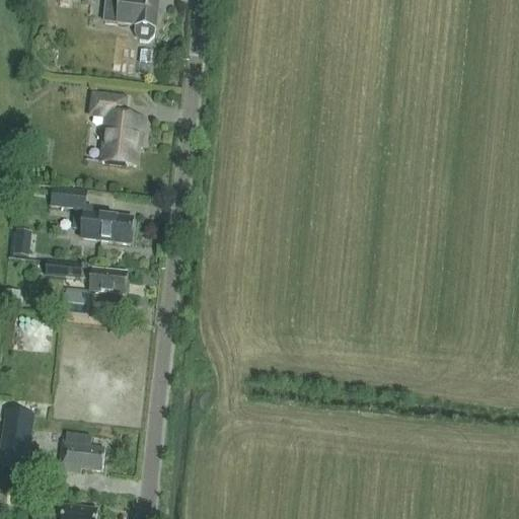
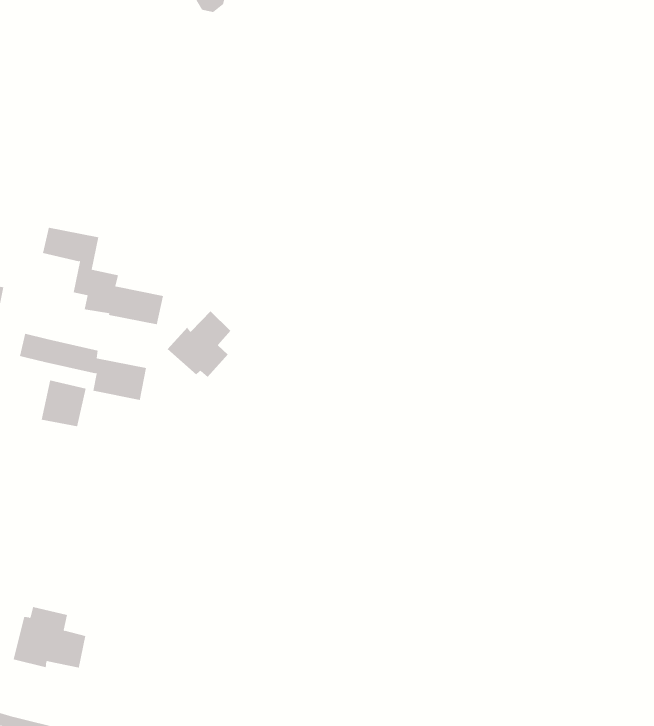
building: [91,91,145,164] -> none
building: none -> [167,311,231,378]

